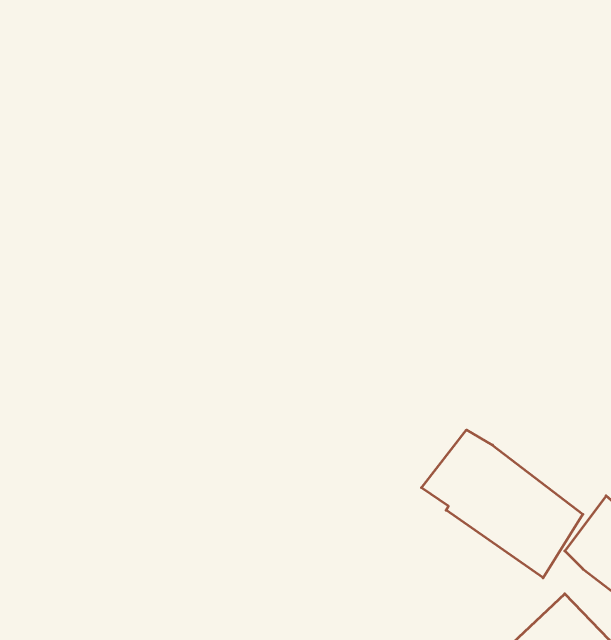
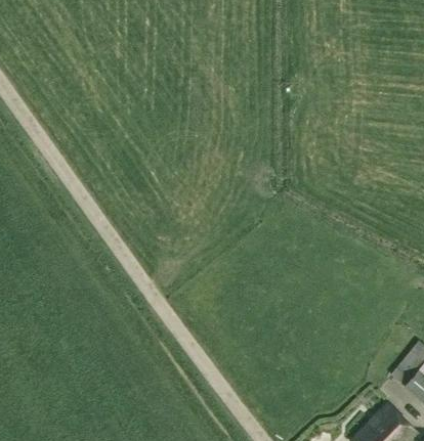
building: [421,430,583,578] -> none

